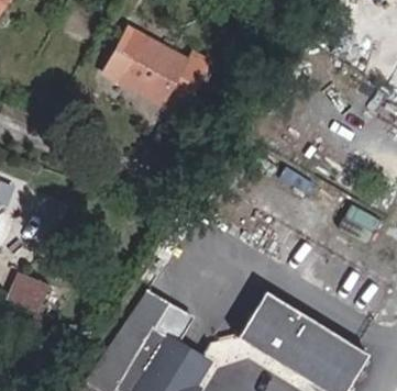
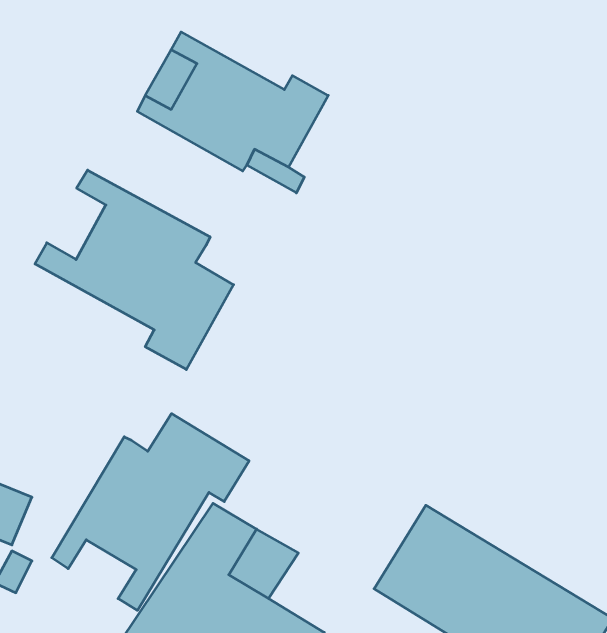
building: none -> [35,170,234,370]
building: none -> [52,414,249,610]

